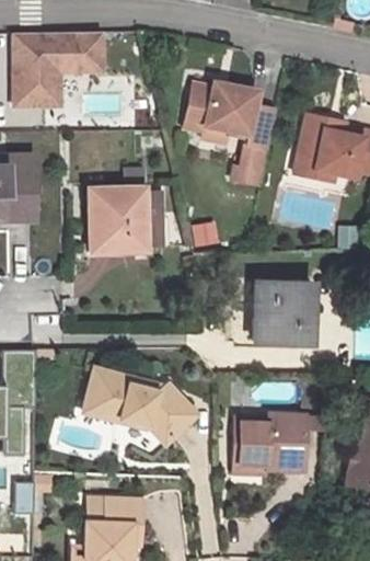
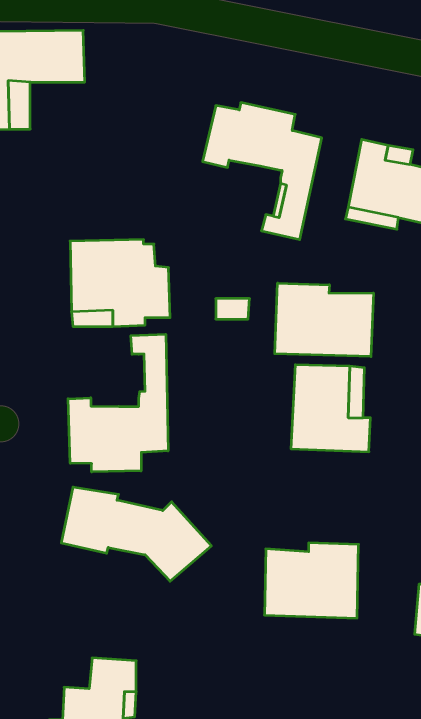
building: none -> [275,283,373,357]
building: none -> [68,334,168,472]

